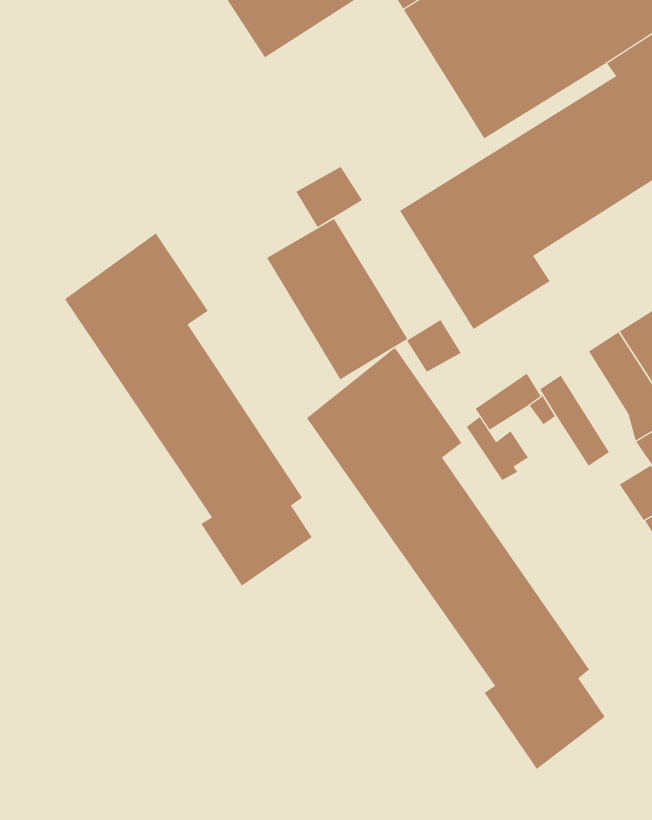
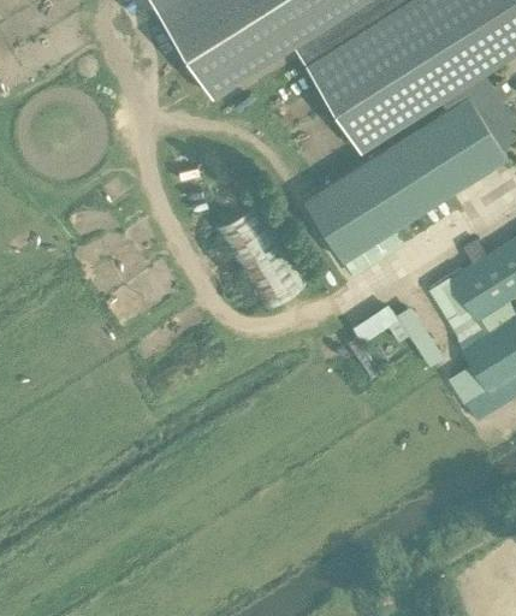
building: [295,165,363,228] -> none
building: [64,233,312,587] -> none
building: [406,319,461,373] -> none
building: [306,347,606,770] -> none

